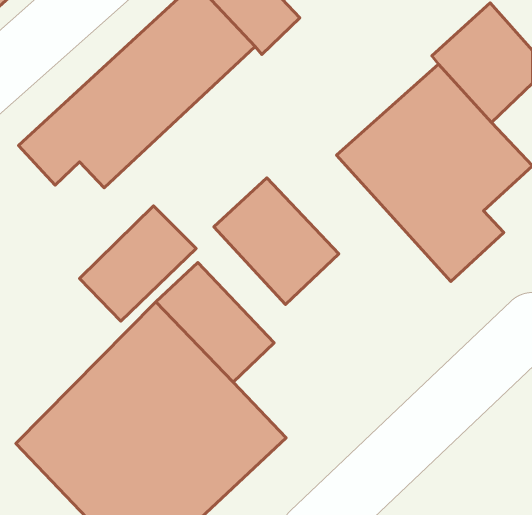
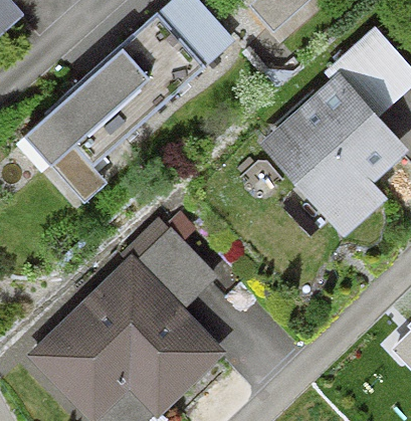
building: [214,178,339,304] -> none
building: [80,206,196,321] -> none

